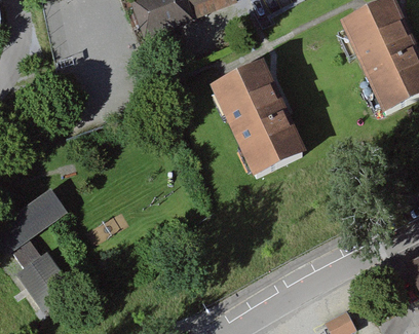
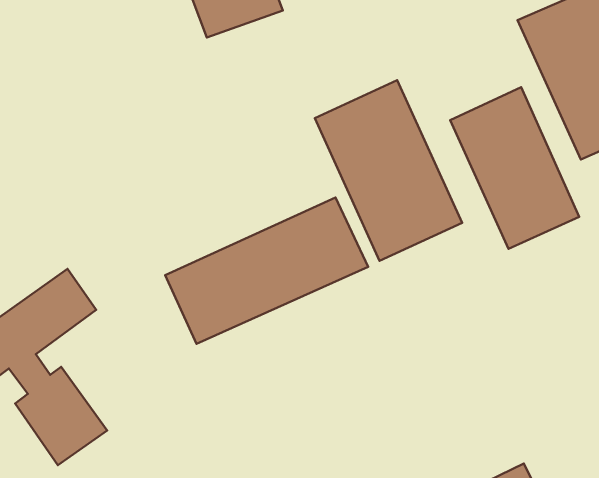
building: none -> [450,87,579,249]
building: none -> [165,198,368,344]

